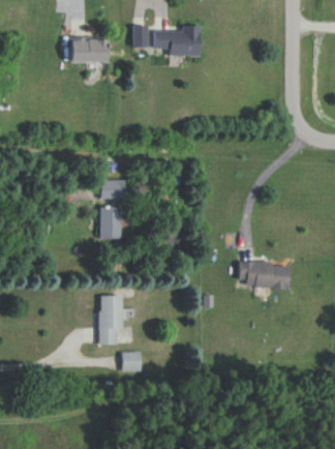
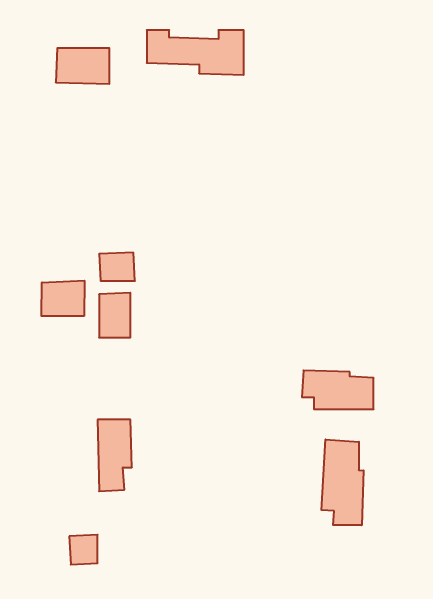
building: none -> [41,281,84,316]
building: none -> [321,439,364,525]
building: [122,351,142,371] -> [69,535,98,565]

